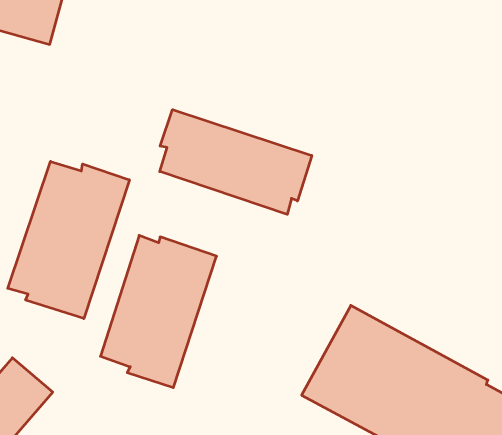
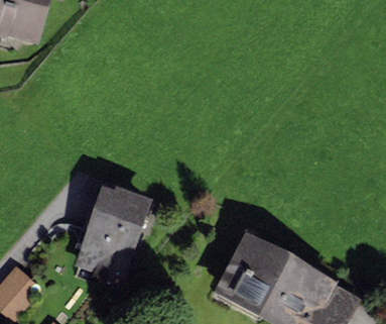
building: [160,110,312,214] -> none
building: [8,161,129,319] -> none

